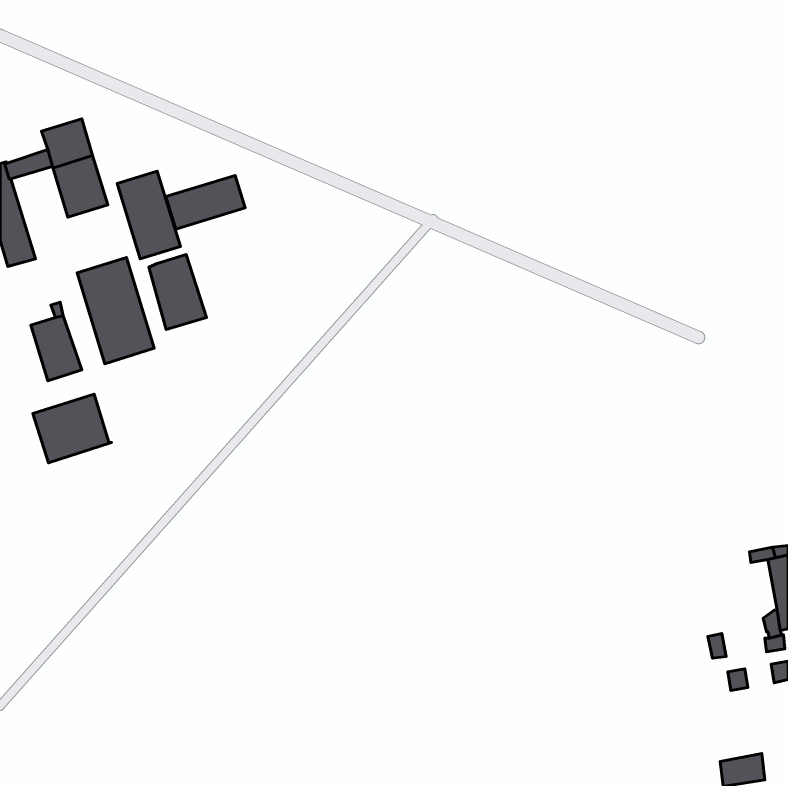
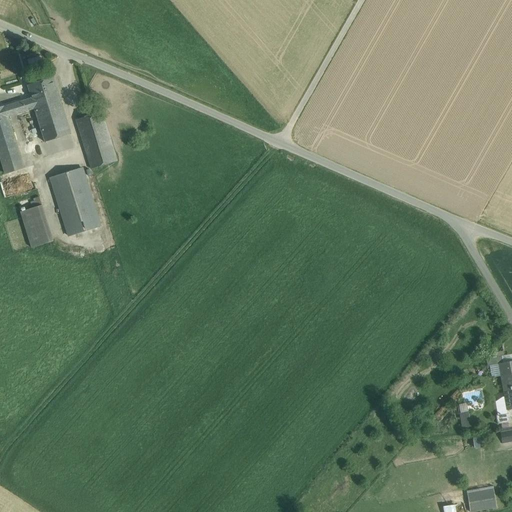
building: [166,175,245,229] -> none
building: [149,255,206,330] -> none
building: [33,394,111,463] -> none

